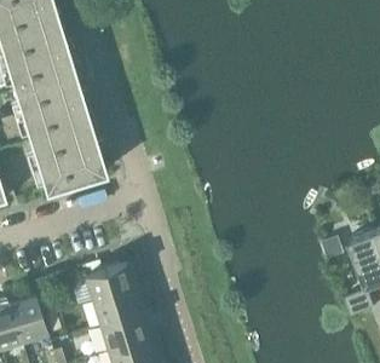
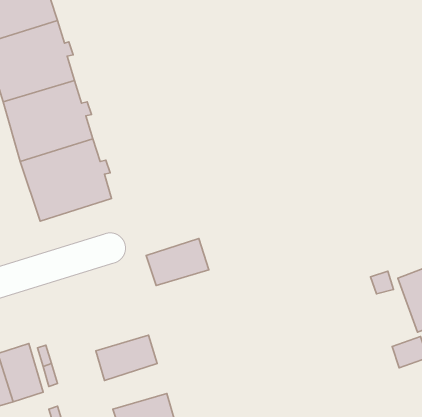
building: [84,263,137,302] -> [146,239,209,286]
building: [99,313,152,352] -> none

